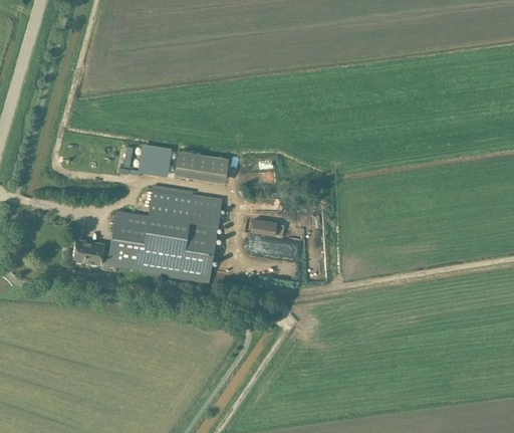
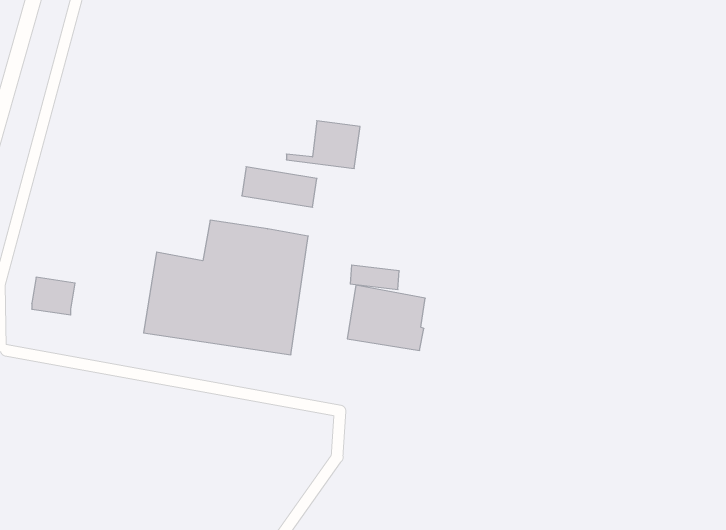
building: [120,143,172,176] -> [286,121,360,168]
building: [73,239,103,265] -> [32,277,75,315]

